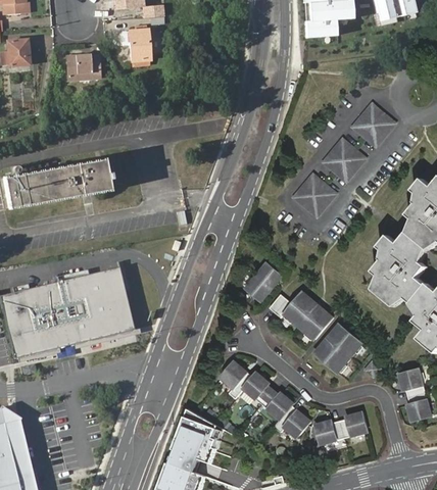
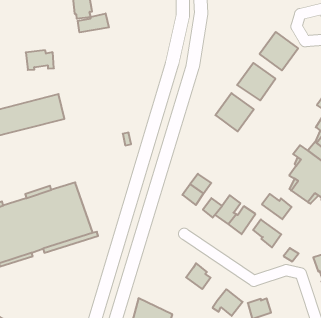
building: [66,55,99,78] -> [26,50,54,70]
building: none -> [78,13,109,32]
building: [314,342,350,374] -> [262,194,292,219]
building: [222,361,253,399] -> none
building: [262,391,294,420] -> none
building: [340,412,368,438] -> none

